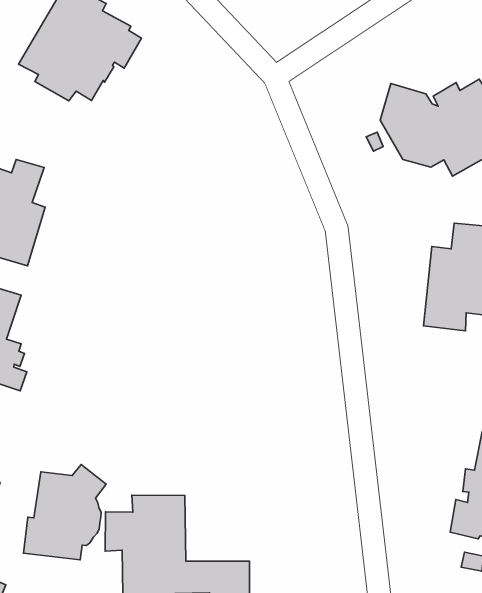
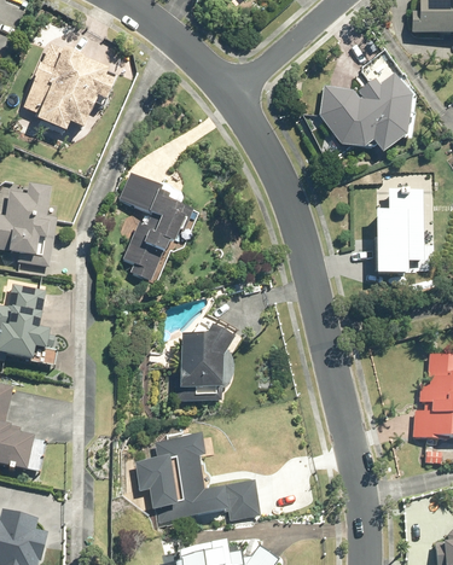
building: none -> [121,171,199,281]
building: [24,465,106,560] -> [178,324,237,400]

